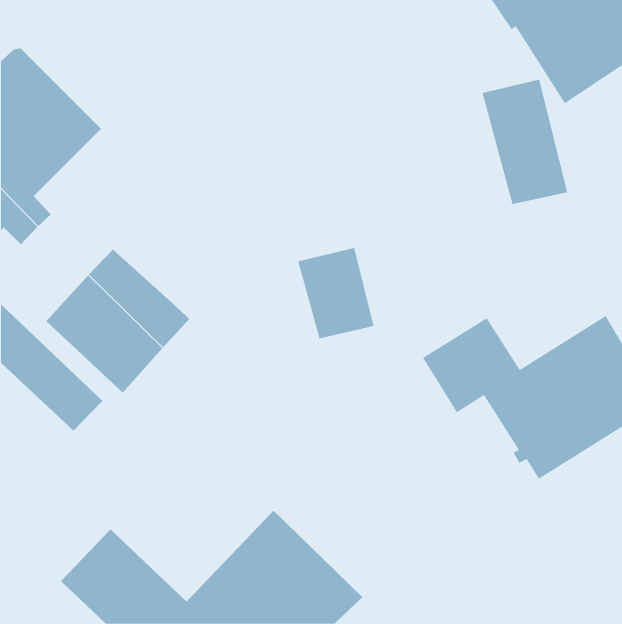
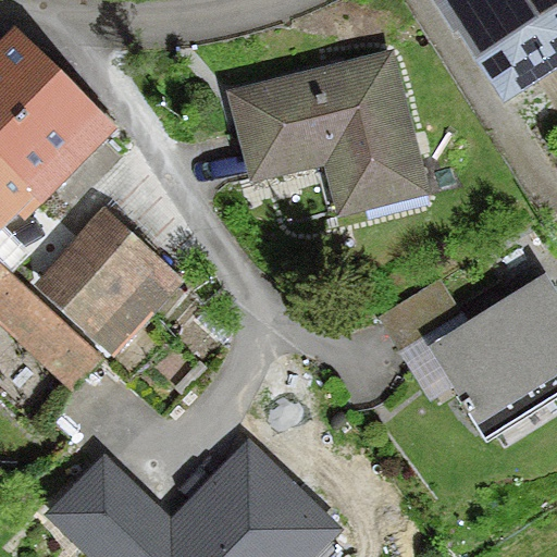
building: none -> [233,59,420,205]
building: [482,79,568,205] -> none
building: [297,247,374,339] -> none

